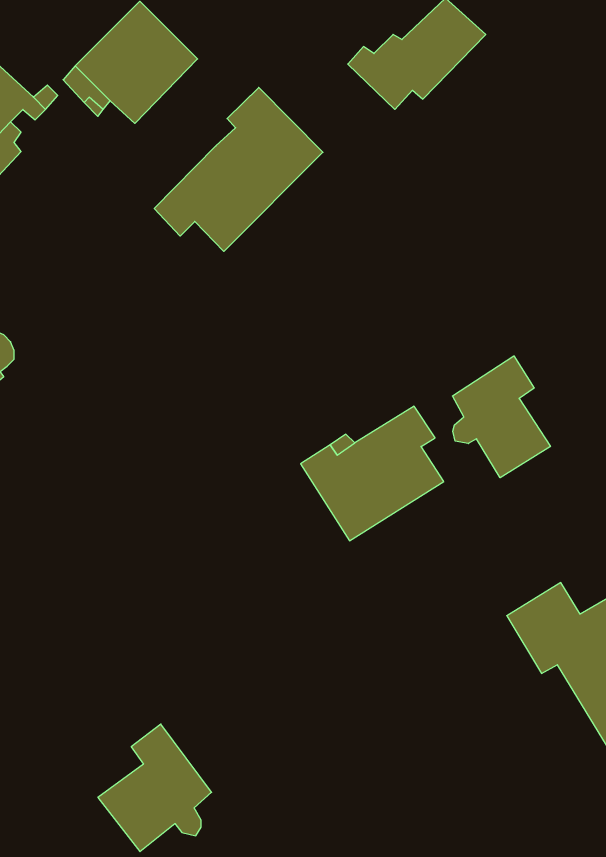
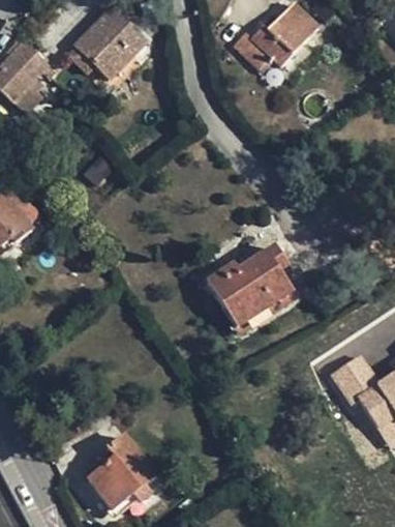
building: [154,87,323,251] -> none
building: [452,356,550,478] -> none

